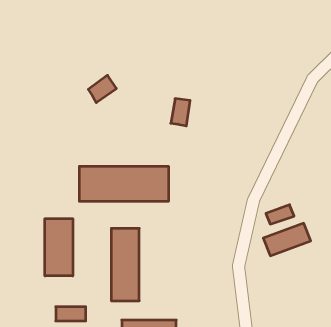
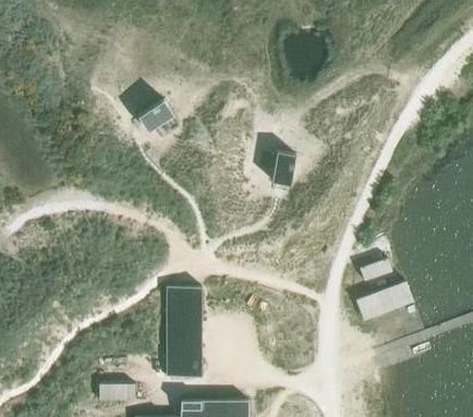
building: [171,99,190,126] -> [271,152,295,186]
building: [79,166,168,201] -> none
building: [45,219,73,276] -> none

